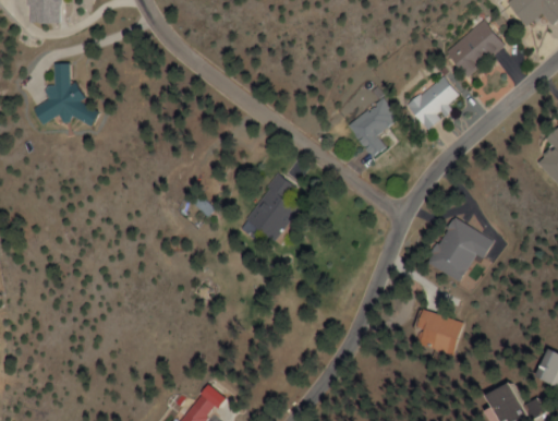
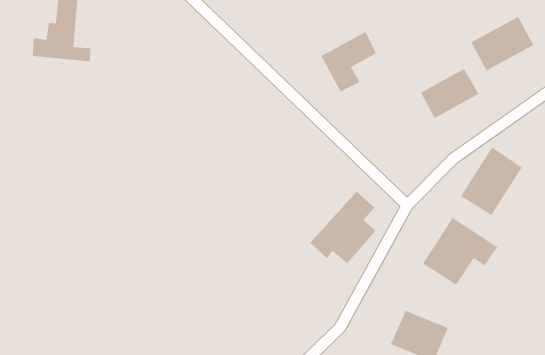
building: [348,98,400,158] -> [321,32,377,92]
building: none -> [460,147,522,216]
building: [240,173,301,243] -> [310,191,377,264]

